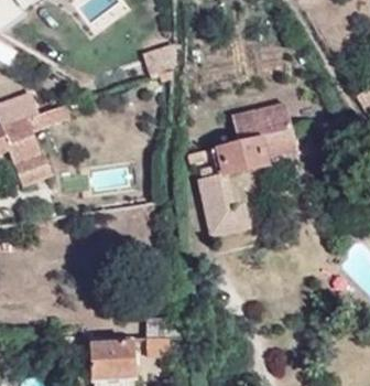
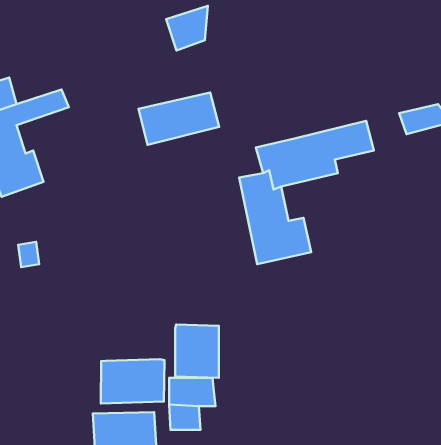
building: [231,103,291,141] -> [139,93,219,145]
building: none -> [175,324,219,378]
building: none -> [101,359,164,404]

